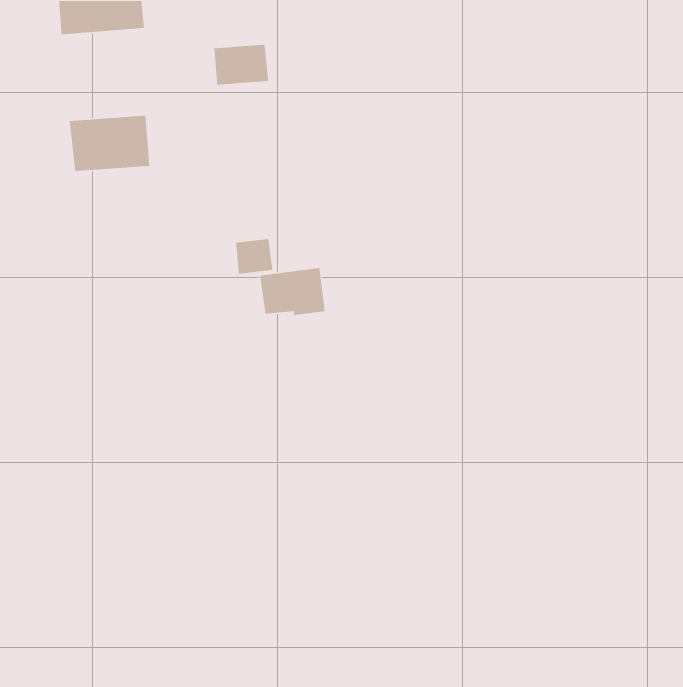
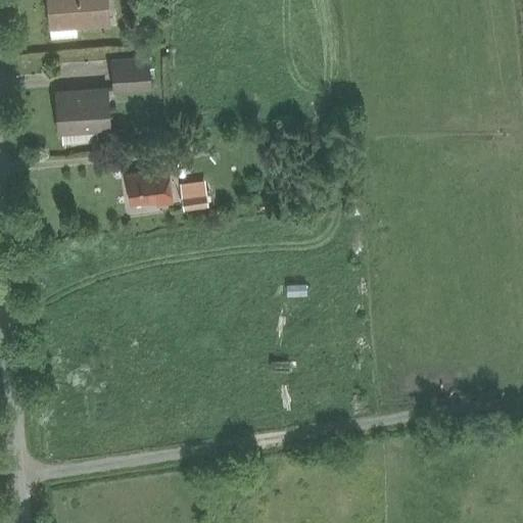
building: [214,44,269,86] -> [110,59,152,91]
building: [259,267,326,316] -> [125,170,175,206]

